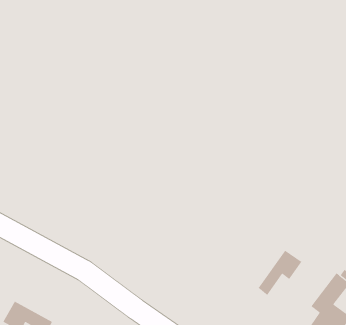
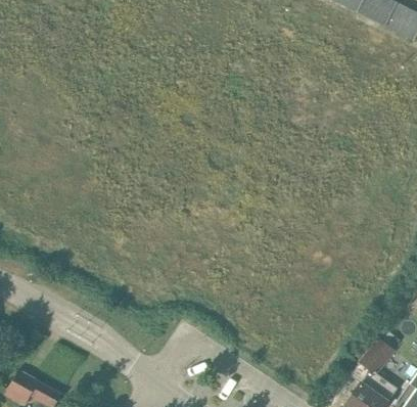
building: [258,250,302,296] -> none

